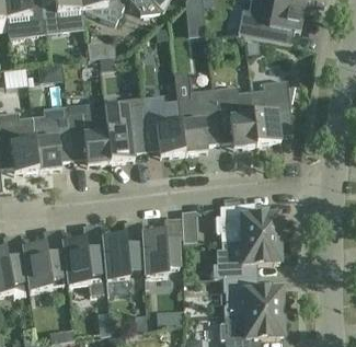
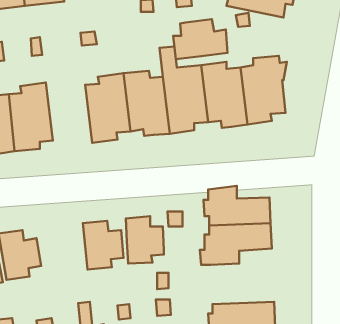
building: none -> [173,19,228,59]
building: [67,102,111,163] -> none
building: [62,239,104,293] -> none
building: [222,275,283,313] -> none

